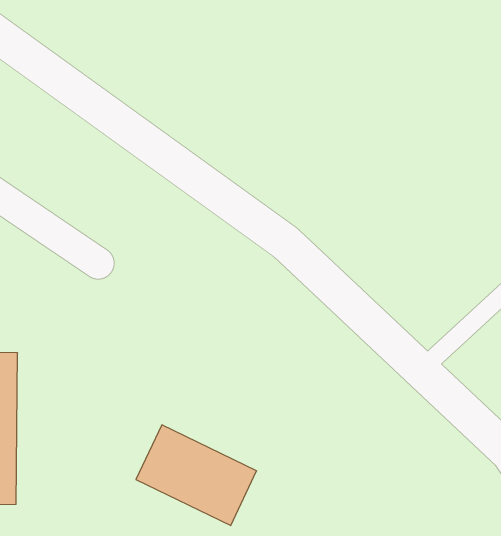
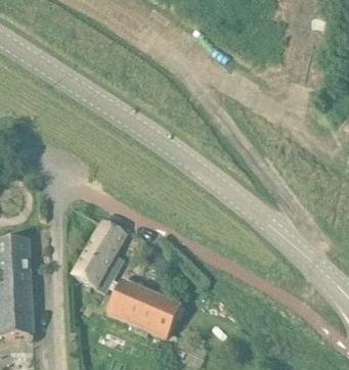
building: none -> [73,221,126,292]

